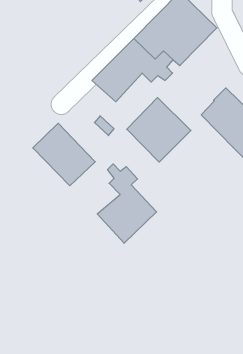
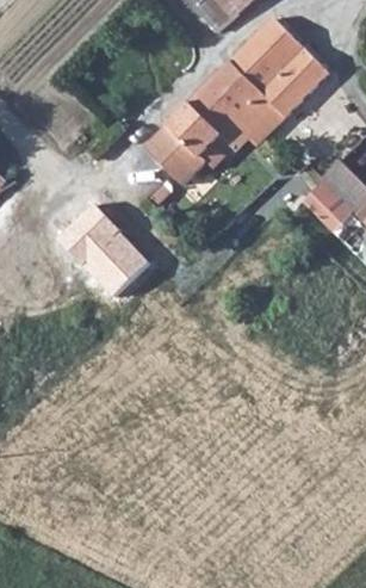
building: [127,98,191,162] -> none
building: [97,164,157,243] -> none

